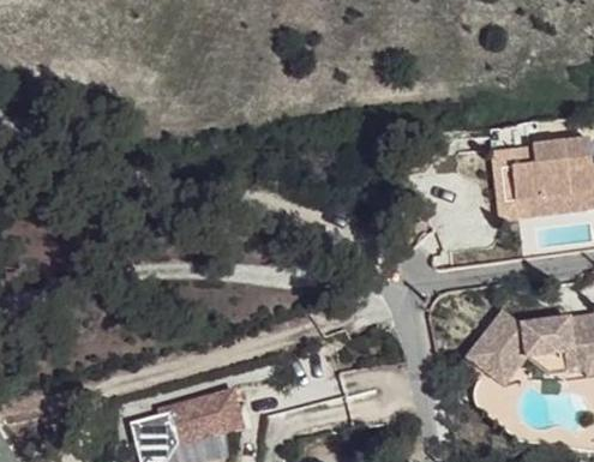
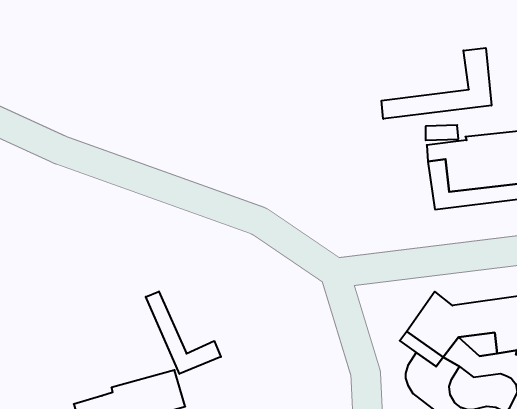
building: none -> [382,48,491,119]
building: none -> [146,291,221,374]

